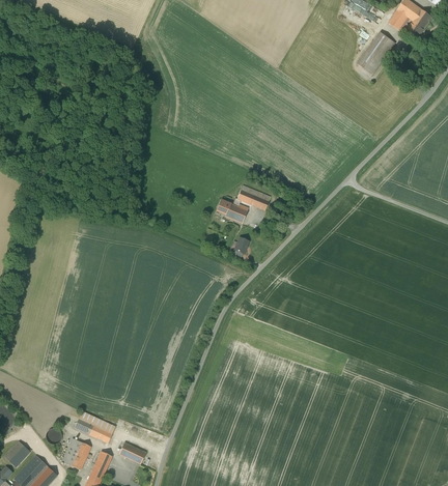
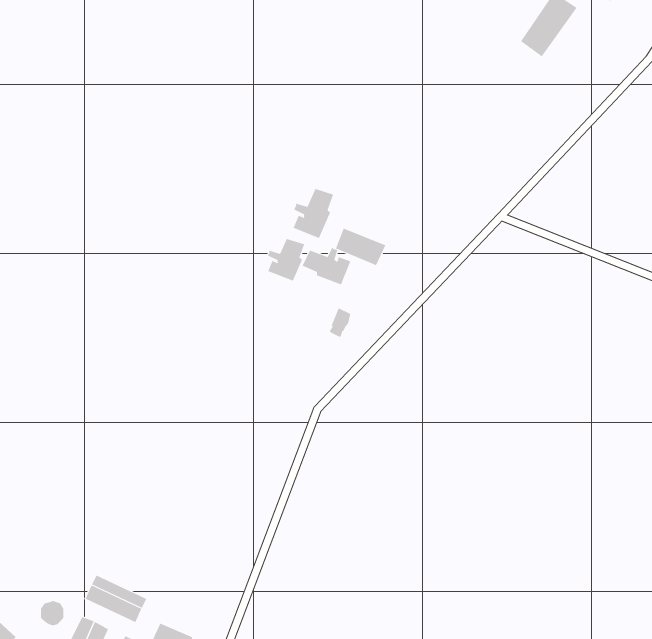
building: none -> [293,188,334,239]
building: none -> [267,238,305,282]

